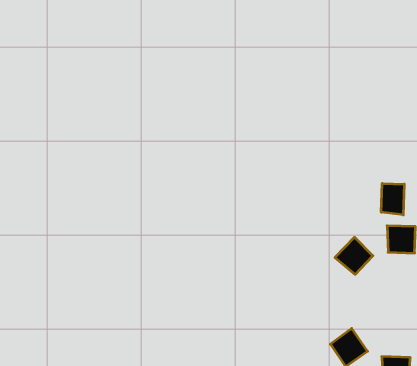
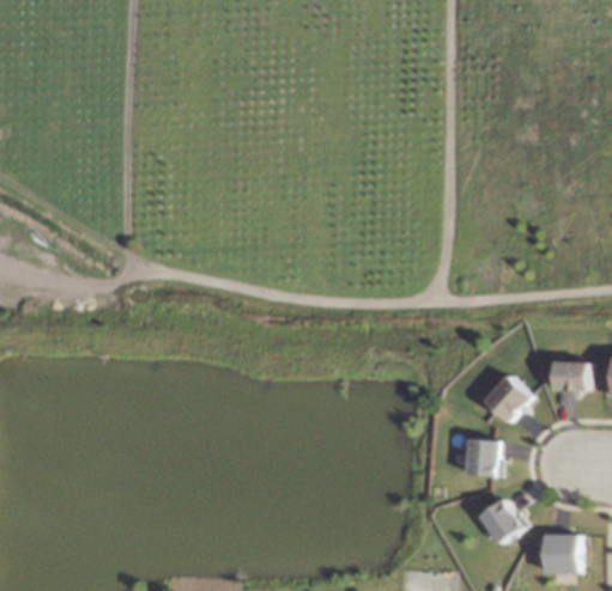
building: [381,183,404,215] -> none
building: none -> [463,438,502,475]

